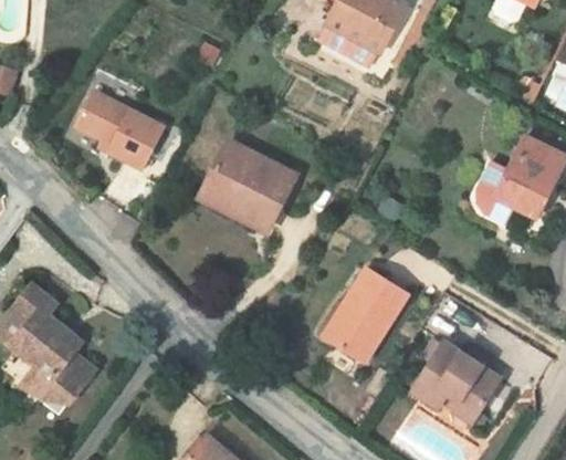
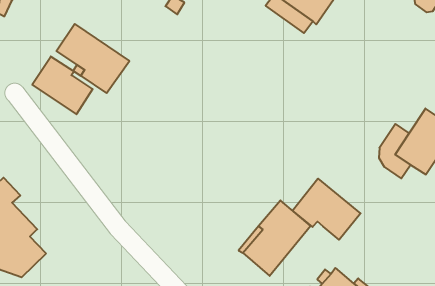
building: none -> [32,56,93,114]
building: [202,142,295,229] -> none
building: none -> [293,179,361,240]

